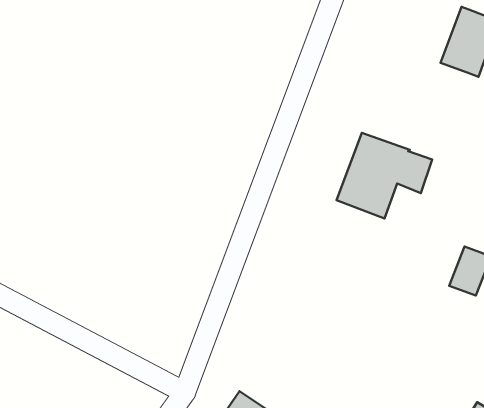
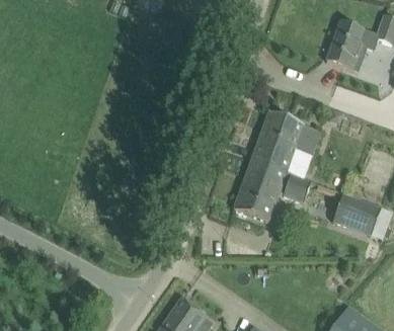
building: none -> [233,160,310,222]

